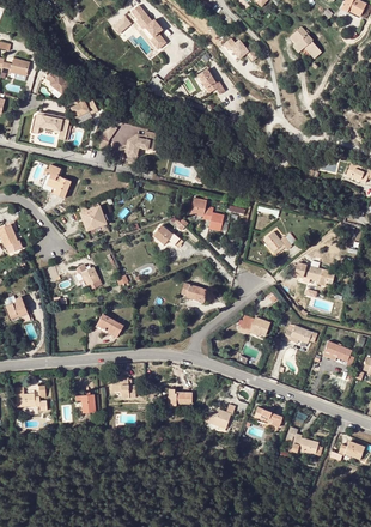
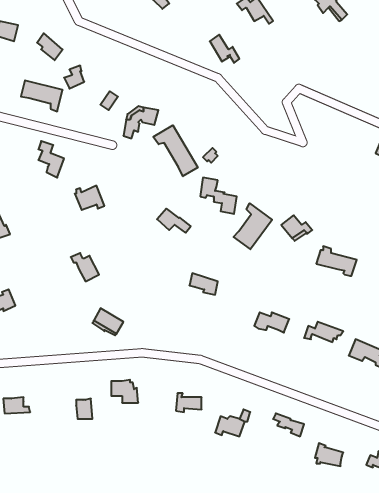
building: none -> [153,125,198,176]
building: none -> [234,203,272,249]

